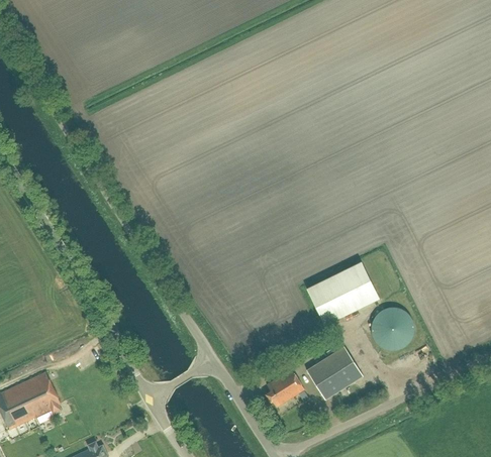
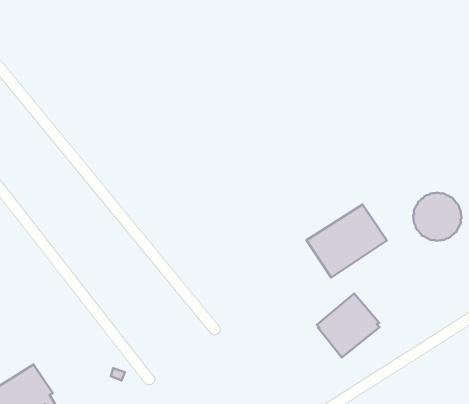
building: [370,308,413,351] -> [413,193,461,241]
building: [265,370,304,408] -> none

